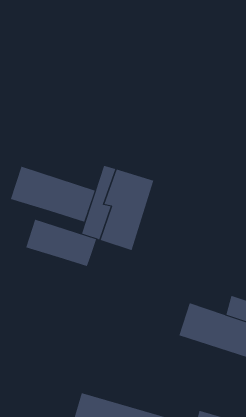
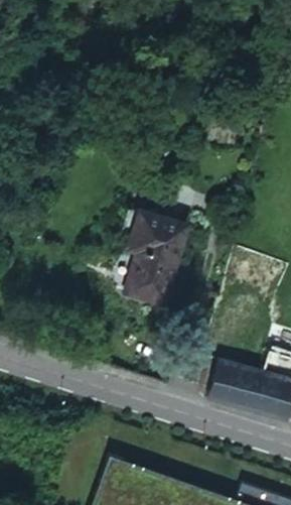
building: [10,166,95,222] -> none
building: [25,219,97,267] -> none

